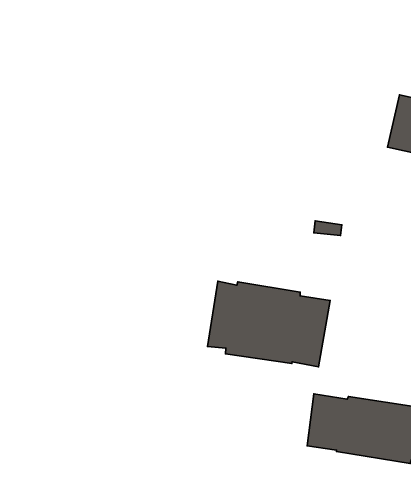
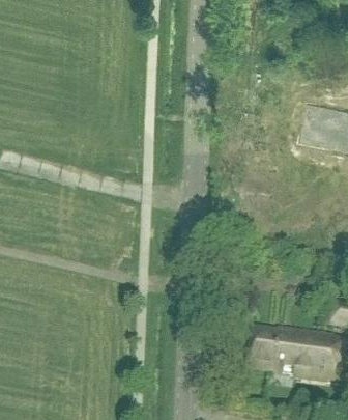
building: [208,281,330,367] -> none

